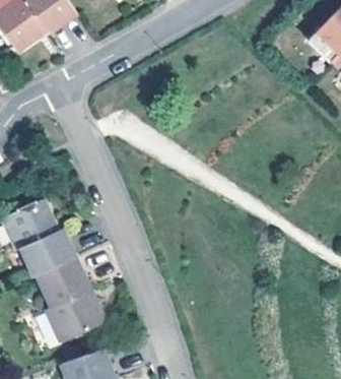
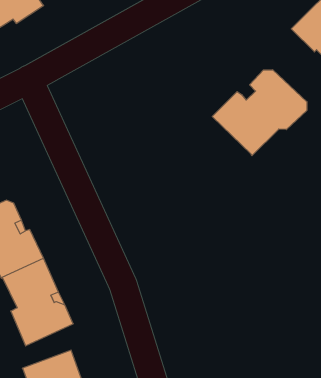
building: none -> [212,70,307,156]

